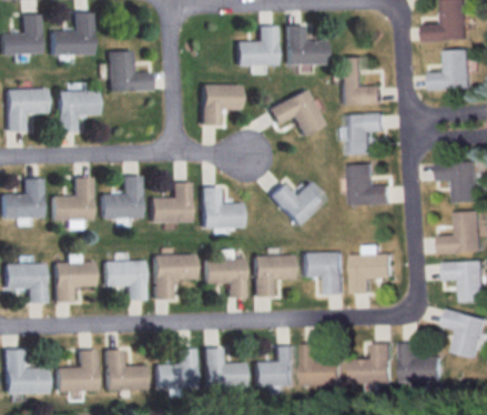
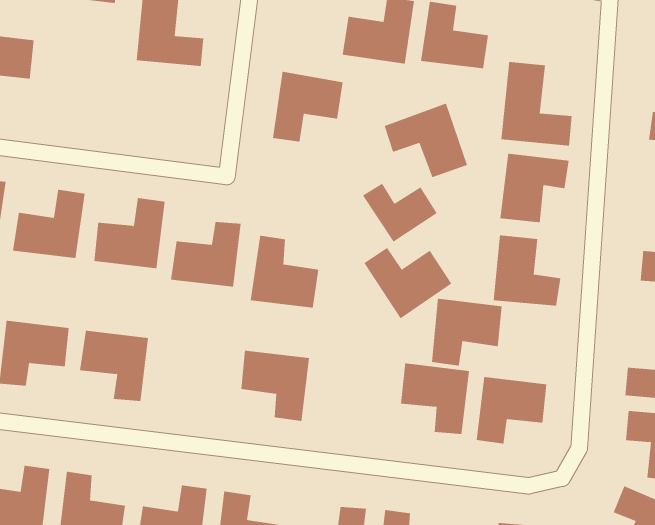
building: [59,89,99,133] -> none
building: none -> [362,183,438,242]
building: [154,255,195,296] -> none
building: [254,255,296,296] -> [431,298,503,366]

